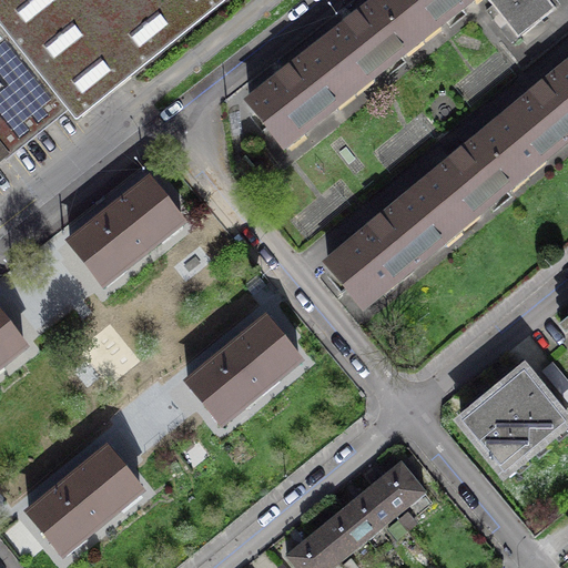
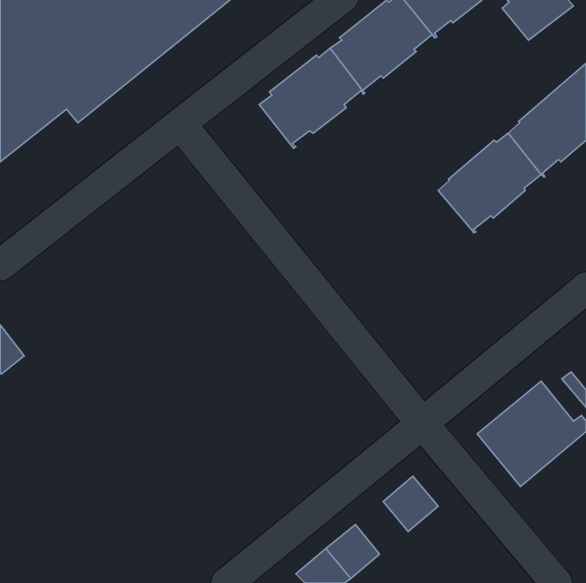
building: [69,178,182,282] -> none
building: [329,184,457,304] -> none
building: [187,316,298,420] -> none
building: [29,446,140,550] -> none
building: [344,485,395,536] -> none

